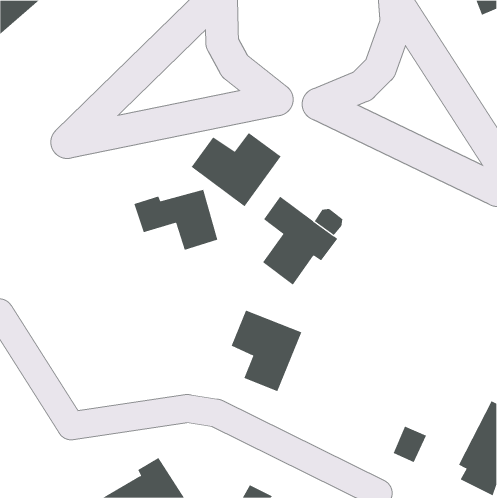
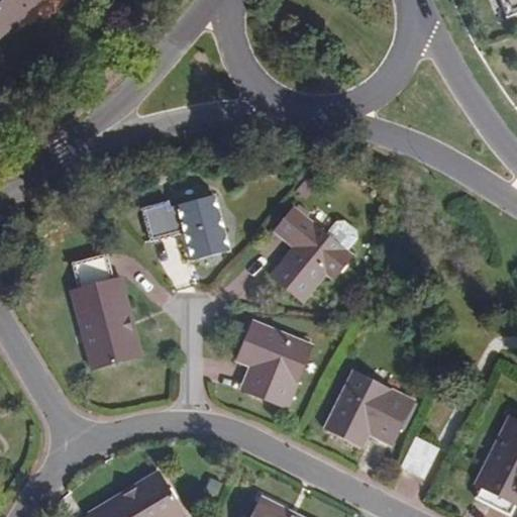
building: [191,132,282,207] -> none
building: none -> [73,254,142,369]
building: none -> [326,371,414,443]

